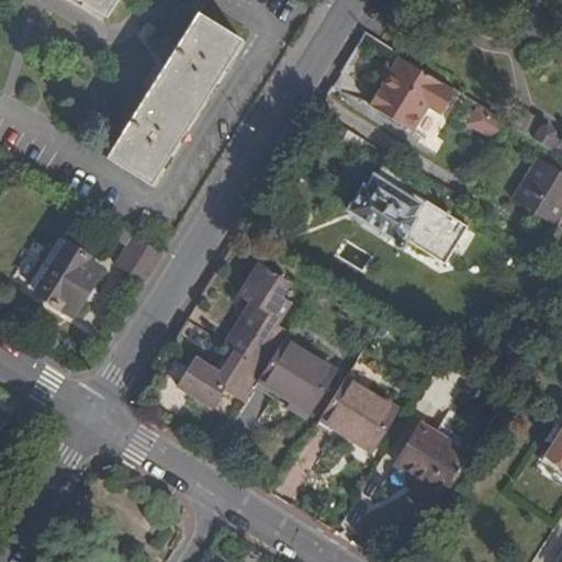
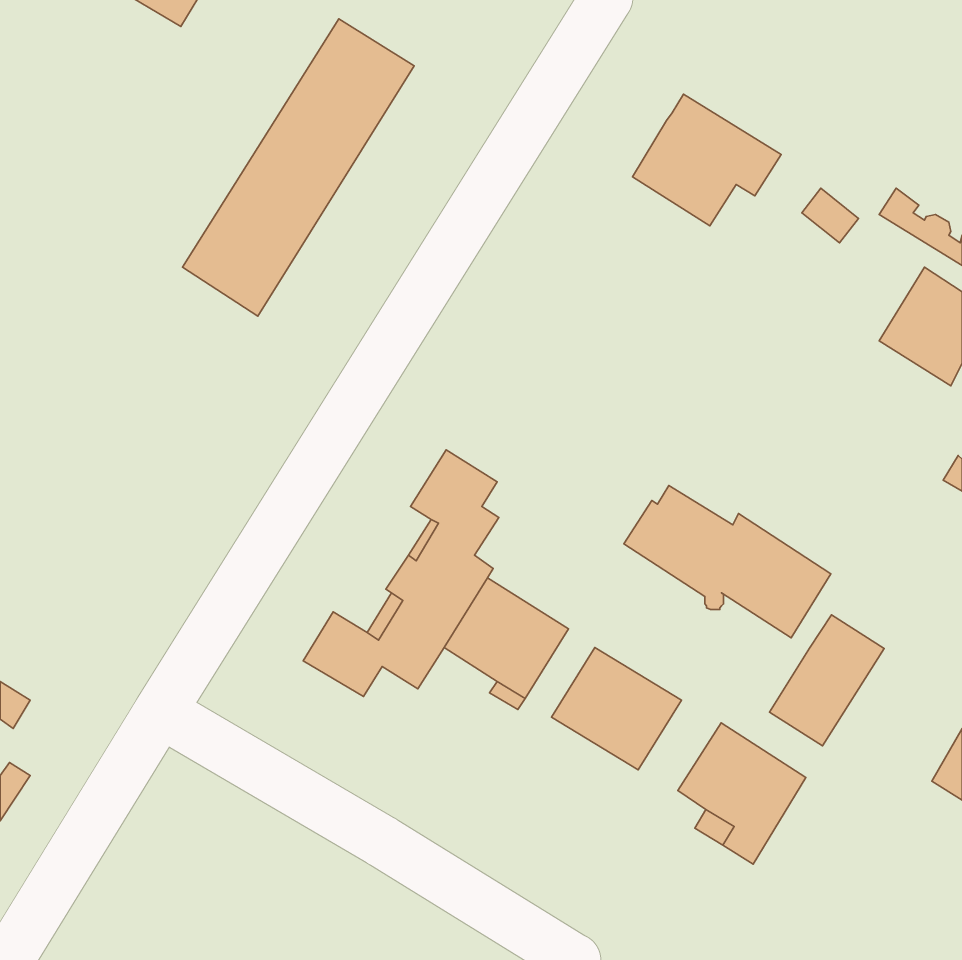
building: [347,175,468,263] -> [624,485,831,638]
building: [115,234,164,282] -> none
building: [34,238,101,315] -> none
building: none -> [770,615,884,746]

